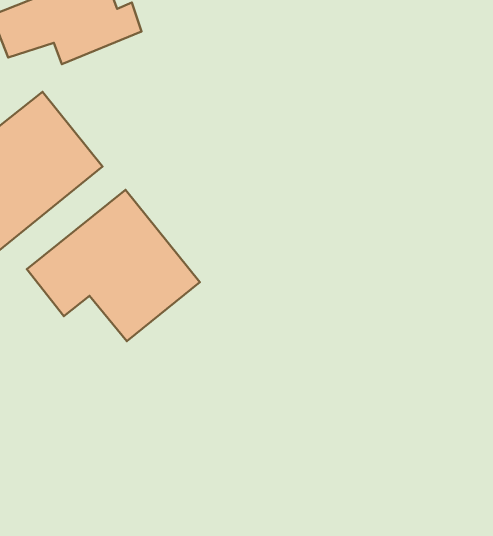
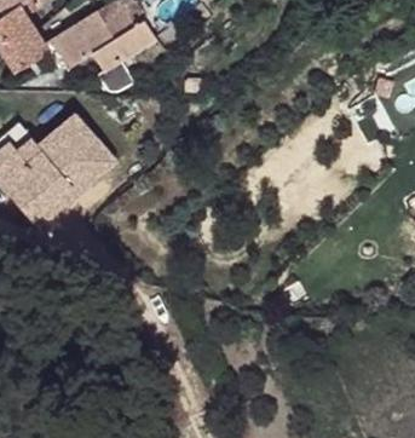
building: [27,190,200,341] -> none

